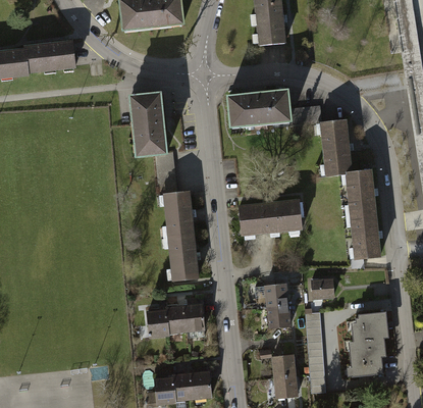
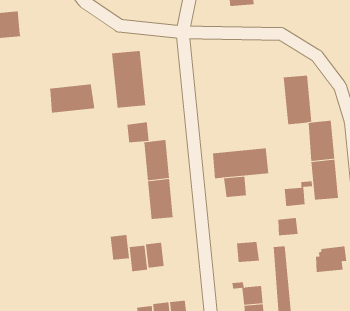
building: [23,41,75,73] -> [48,84,95,113]
building: [227,89,322,125] -> none
building: none -> [127,122,149,143]
building: none -> [284,180,313,207]
building: [263,283,289,306] -> [223,176,247,197]
building: [183,303,206,332] -> [110,235,130,260]
building: [349,336,386,374] -> none

